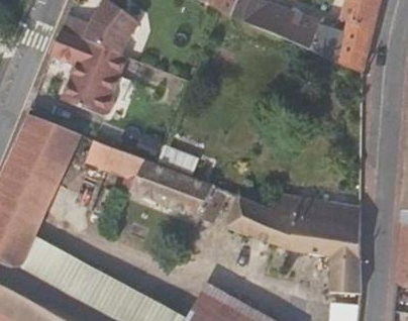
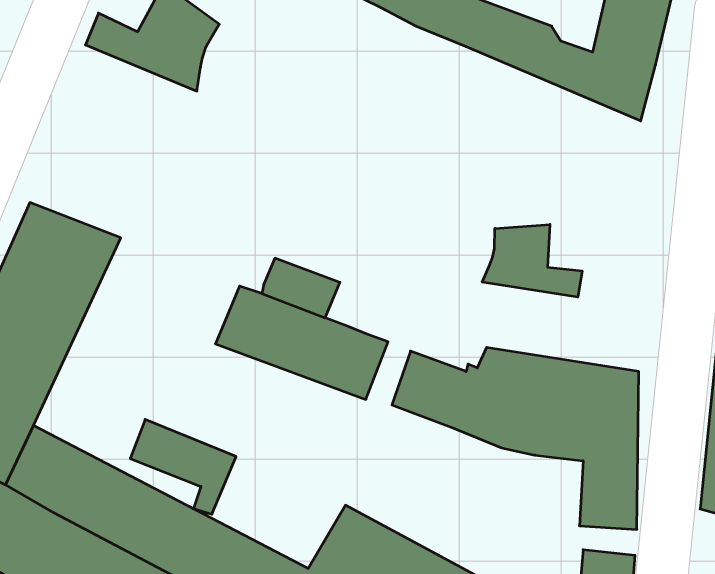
building: [50,29,125,113] -> none
building: none -> [482,224,582,297]
building: [87,140,144,192] -> [130,419,236,514]

